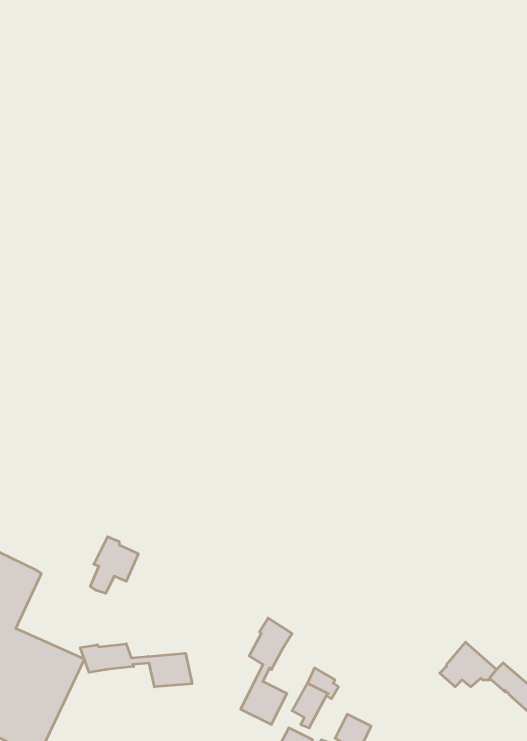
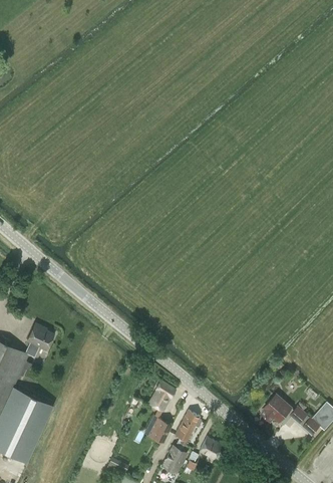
building: [90,537,138,593] -> [25,324,53,357]
building: [80,644,192,687] -> none

